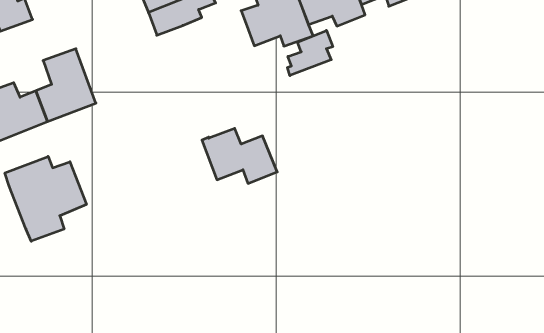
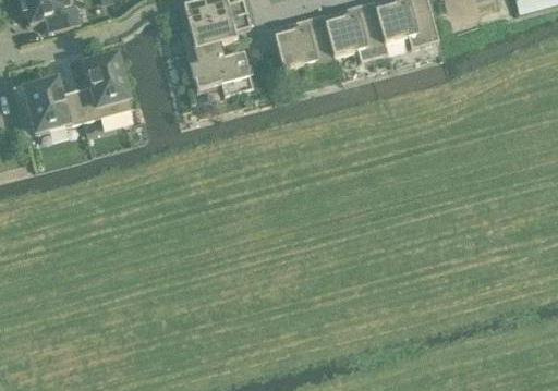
building: [287,30,333,76] -> none
building: [202,128,277,183] -> [186,42,253,95]
building: [5,156,86,241] -> none

